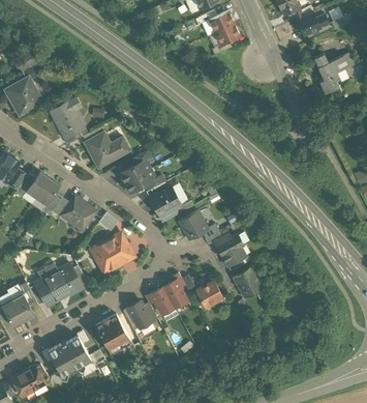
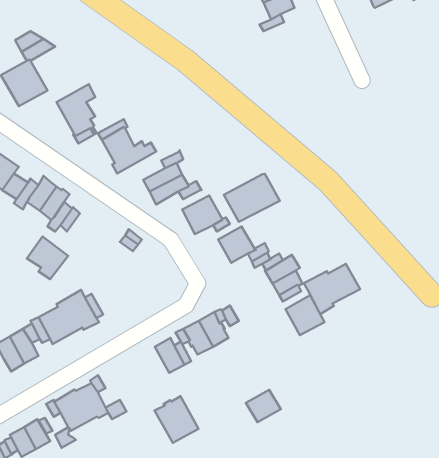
building: [314,54,348,96] -> none
building: none -> [224,174,280,222]
building: [63,196,96,230] -> [27,237,68,279]
building: [97,233,131,271] -> none
building: none -> [304,264,360,314]
building: [195,282,223,308] -> [246,390,281,422]
building: [95,315,130,352] -> [155,396,199,443]

